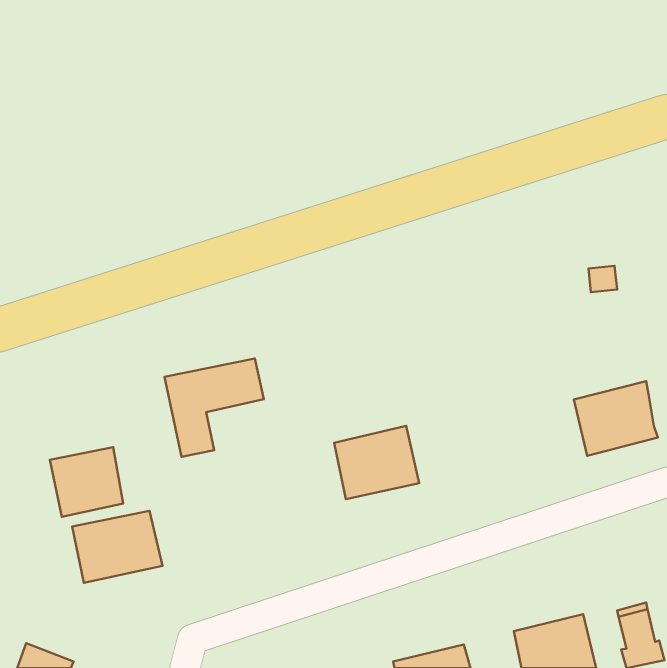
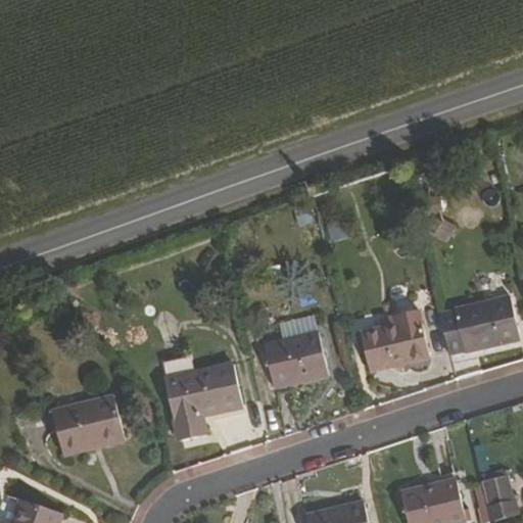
building: [164,359,264,457] -> [164,367,242,443]
building: none -> [356,308,424,370]
building: [50,447,123,517] -> none

